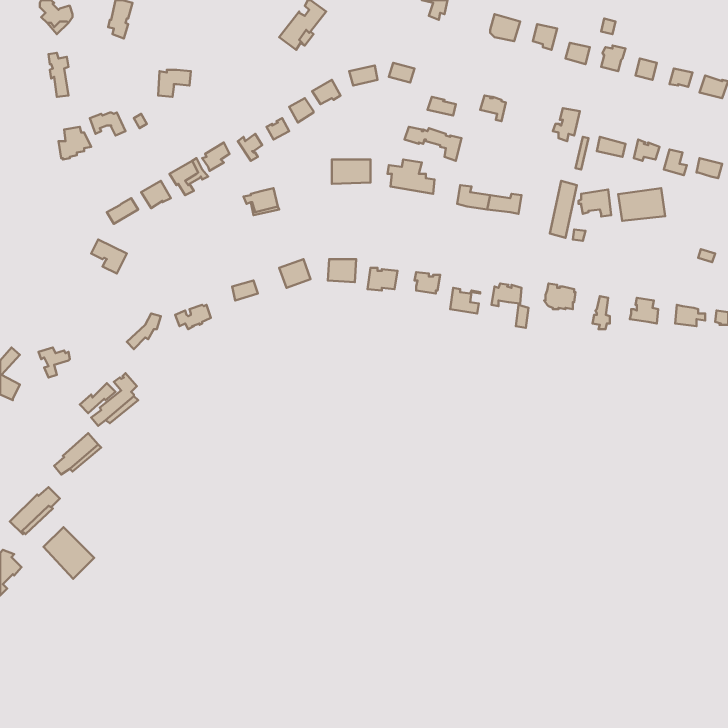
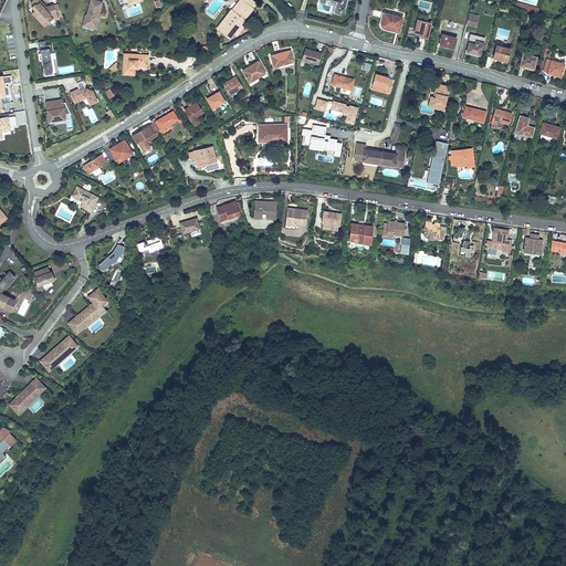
building: [618,188,665,221] -> none
building: [44,527,94,579] -> none

